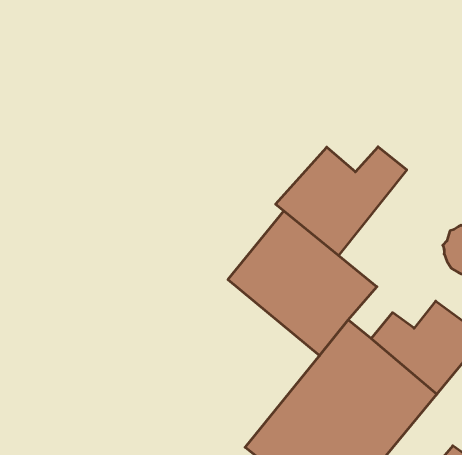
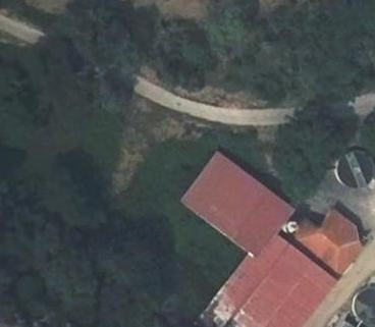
building: [276,147,407,256] -> none

